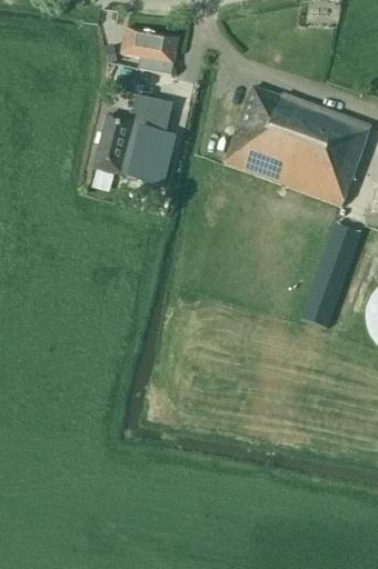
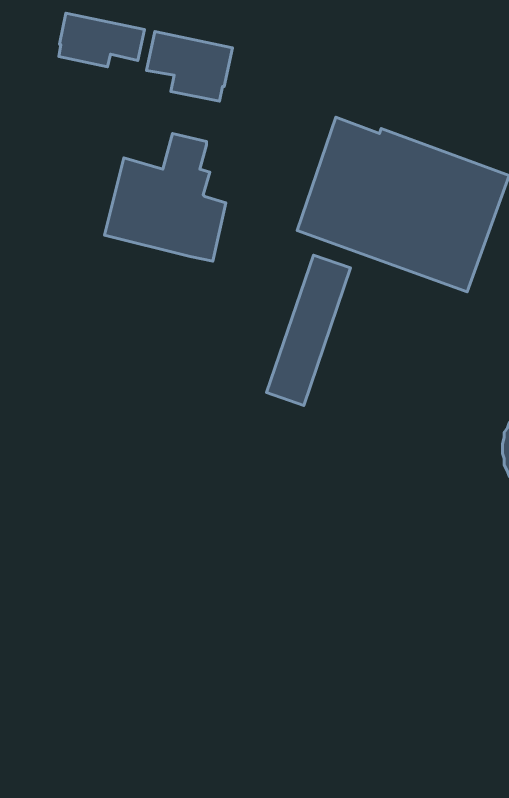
building: none -> [59,13,144,67]
building: [301,222,359,326] -> [266,255,351,405]

